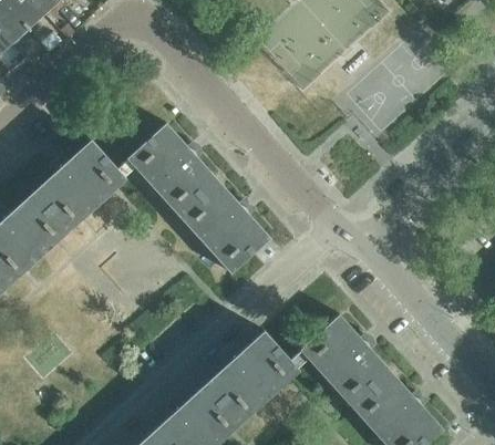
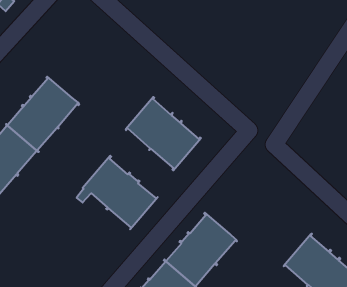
building: [118,123,218,216] -> [77,156,158,229]
building: [291,314,391,407] -> none

